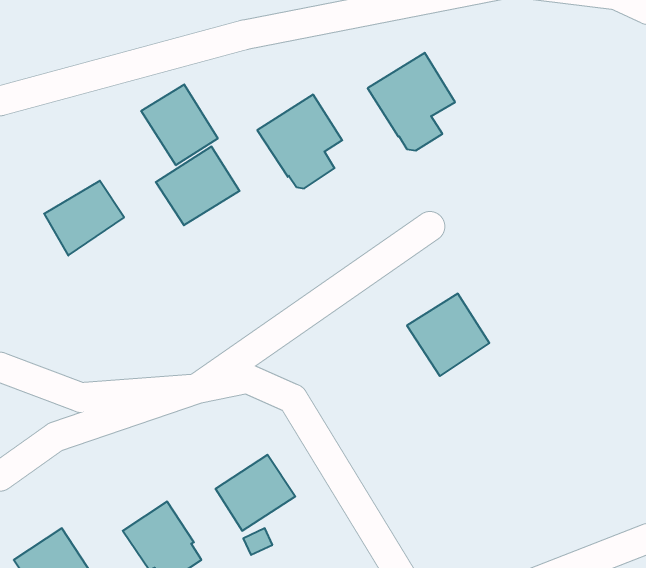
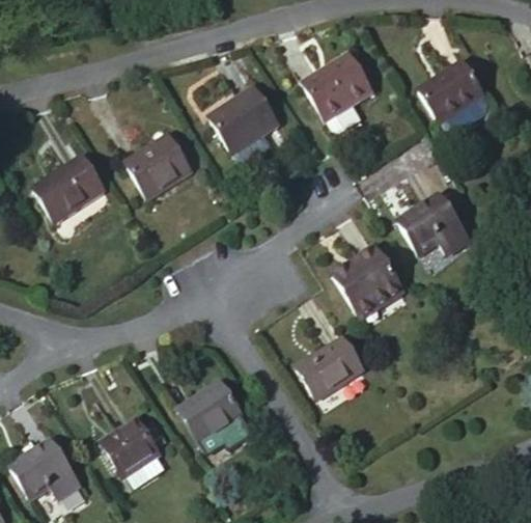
building: none -> [420,62,488,133]
building: [141,84,218,165] -> none
building: none -> [399,194,470,253]
building: none -> [297,337,364,398]

